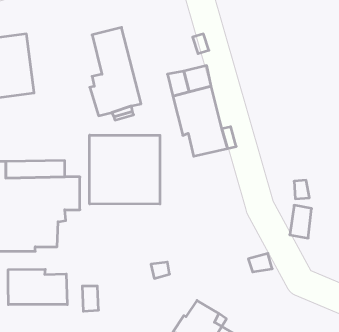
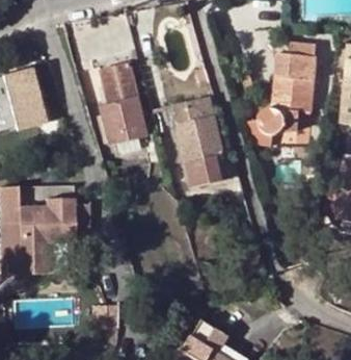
building: none -> [248,43,317,144]
building: [90,135,160,204] -> none
building: [8,269,67,305] -> none

